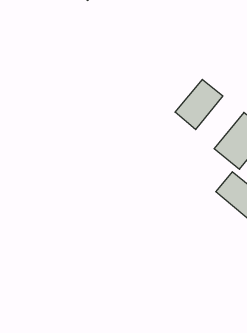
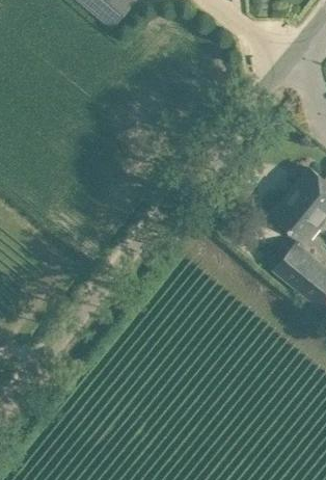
building: [175,79,223,130] -> none

